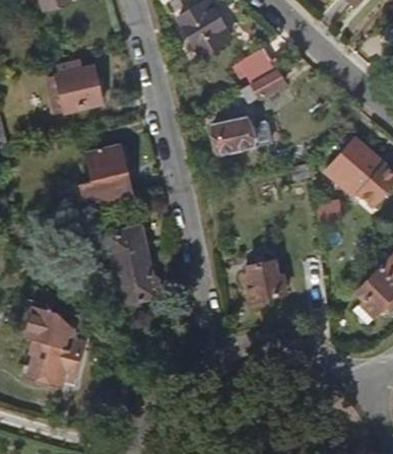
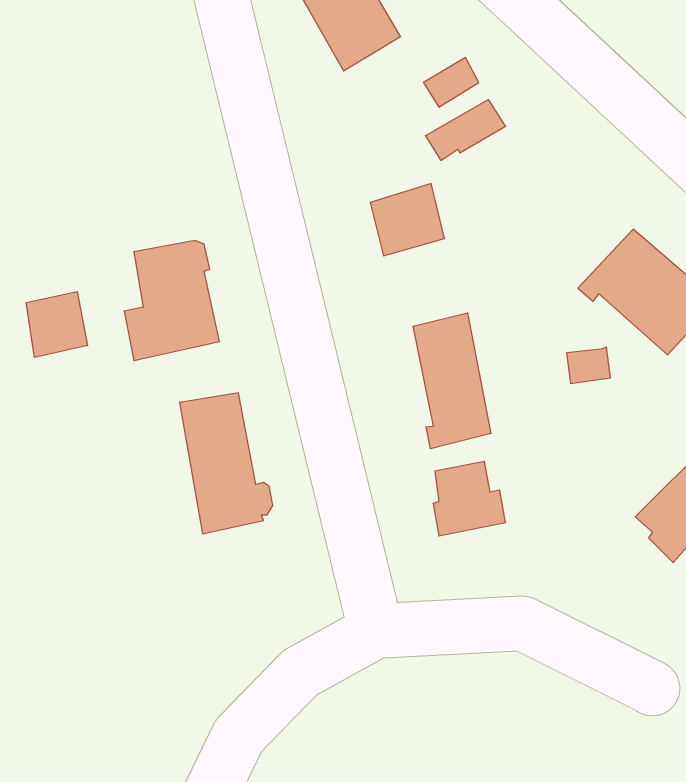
building: [54,60,103,112] -> none
building: none -> [26,292,87,357]
building: none -> [413,313,491,449]
building: [19,309,81,386] -> none

